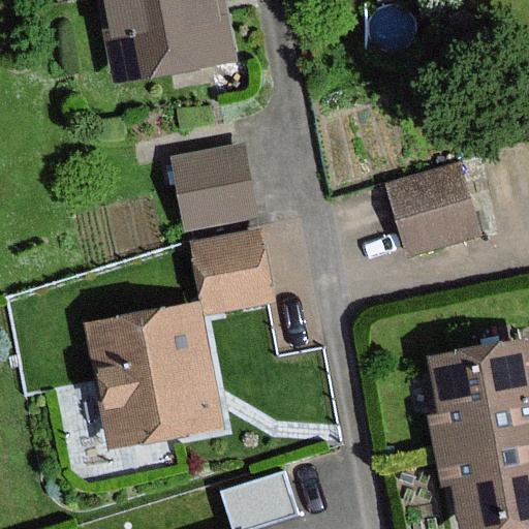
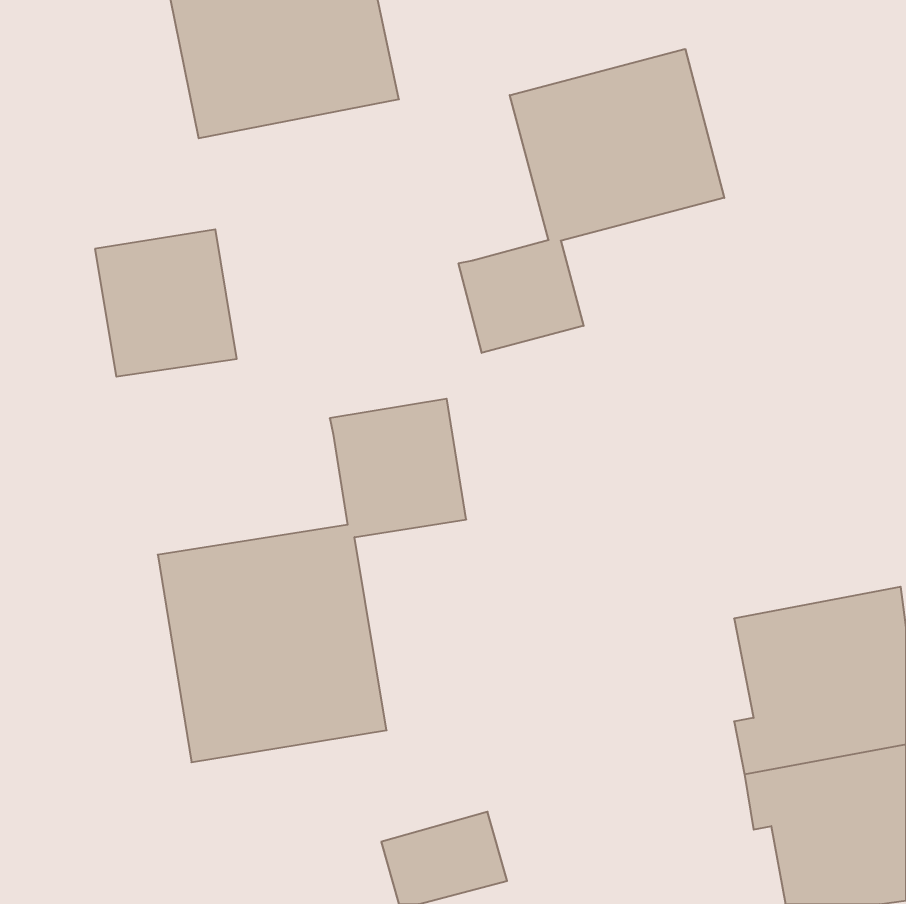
building: none -> [459,49,724,353]
building: [173,144,255,229] -> [95,229,237,377]
building: [388,168,480,256] -> none

